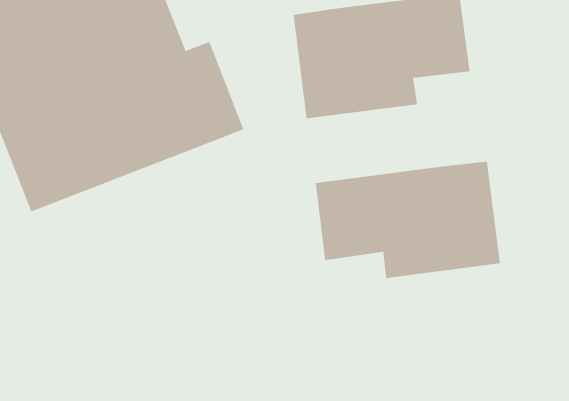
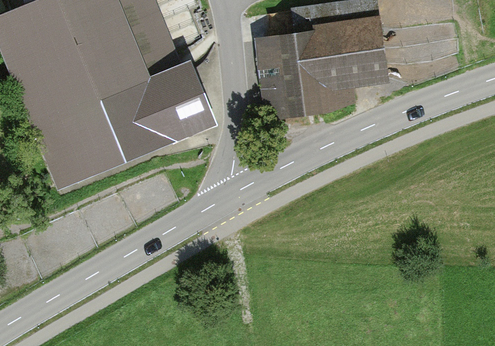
building: [315,161,501,279] -> none

